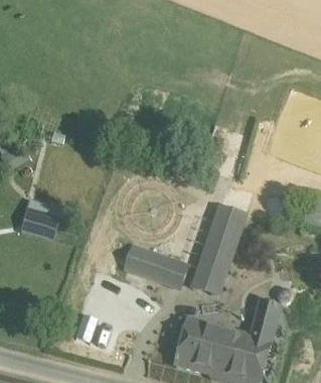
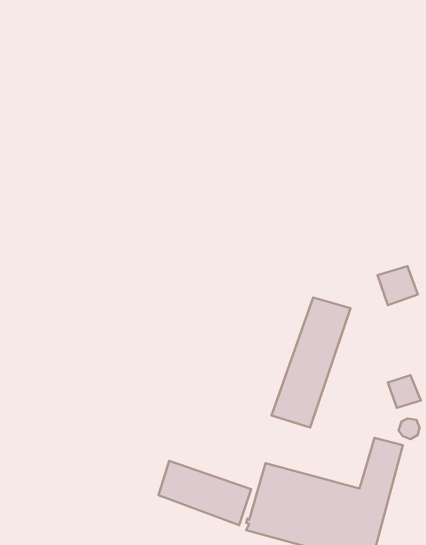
building: [21,210,57,237] -> none
building: [125,244,187,287] -> [159,461,251,525]

